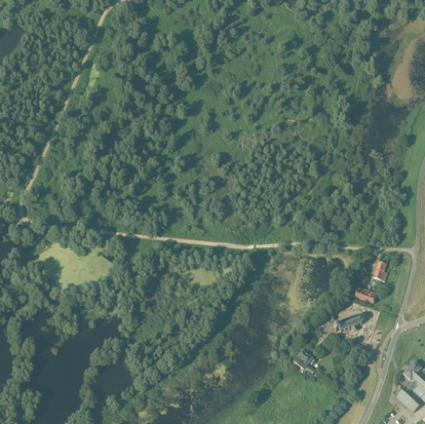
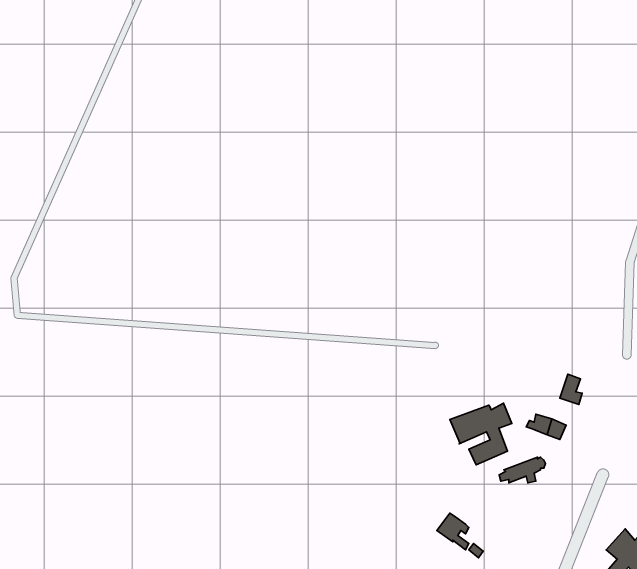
building: none -> [450,403,512,465]

